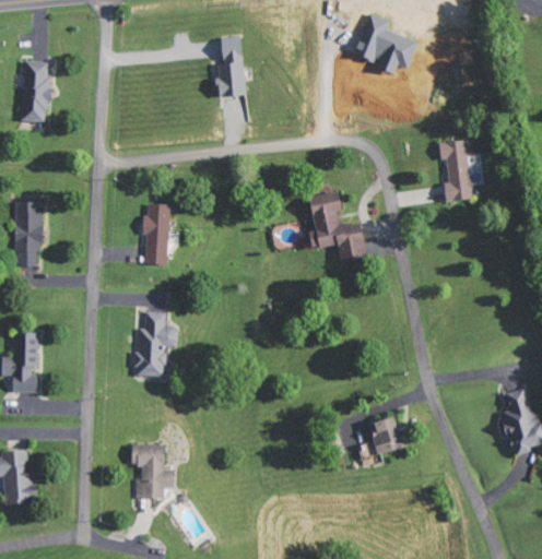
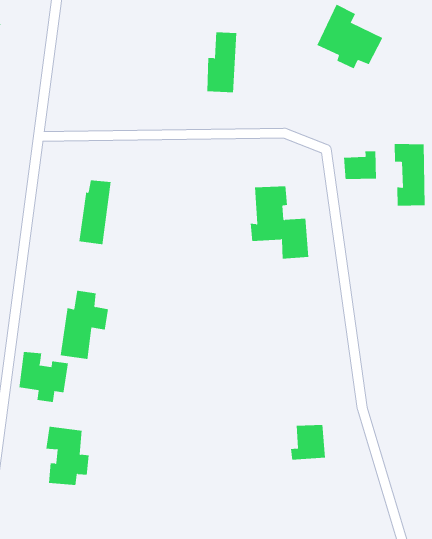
building: [215,37,244,96] -> [207,32,237,93]
building: none -> [344,151,377,180]
building: none -> [19,351,68,403]

